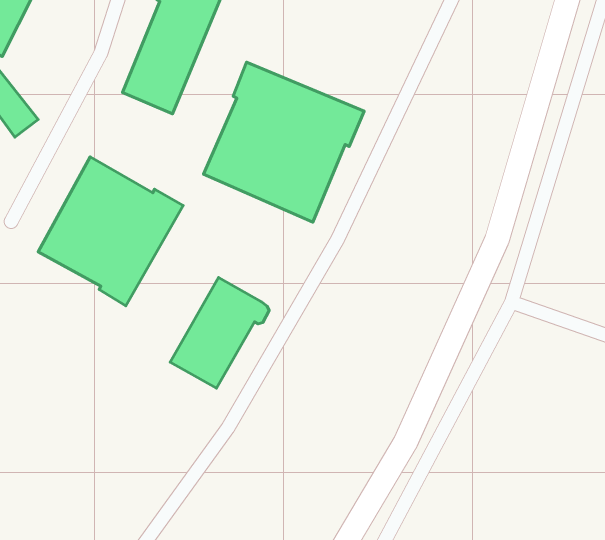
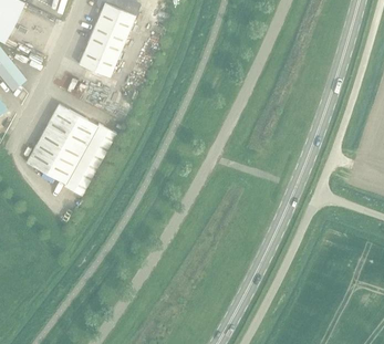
building: [204,62,364,222] -> none
building: [170,278,269,388] -> none

